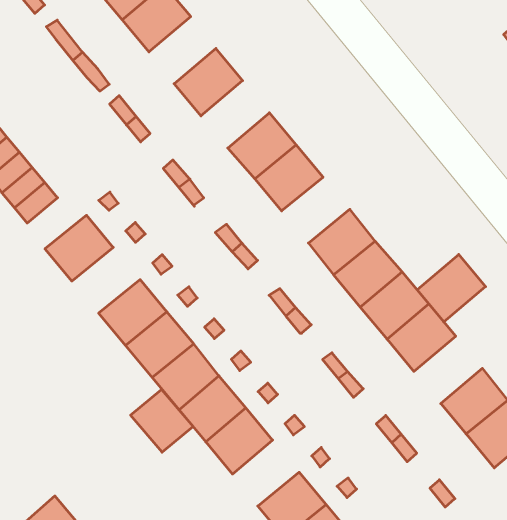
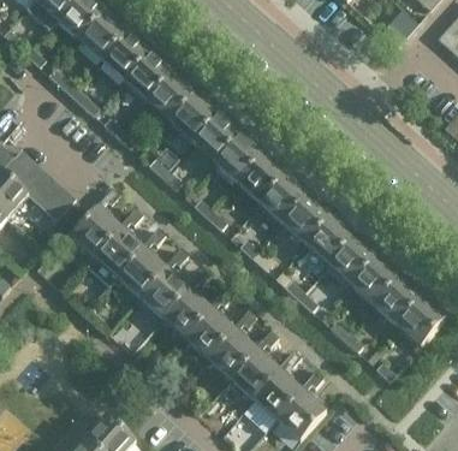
building: none -> [125,52,173,102]
building: none -> [169,93,219,143]
building: none -> [238,154,287,203]
building: none -> [94,227,143,277]
building: [417,254,486,322] -> [351,255,400,305]
building: [131,389,193,452] -> none
building: none -> [231,350,279,399]

